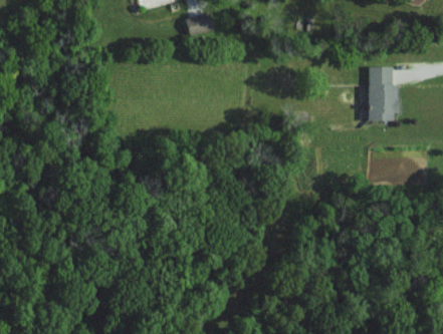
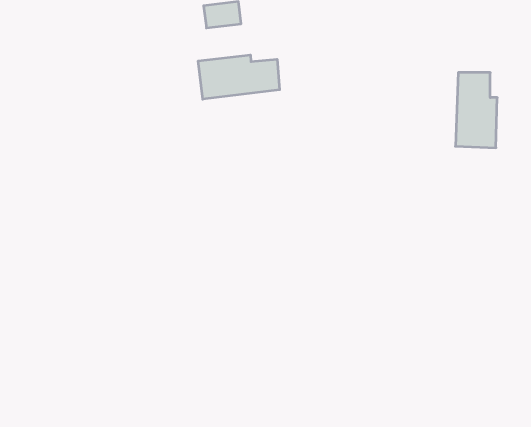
building: none -> [198,55,280,99]

